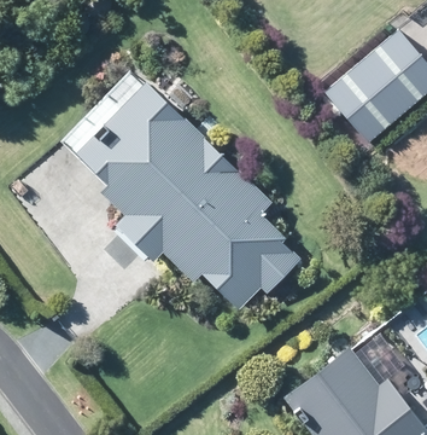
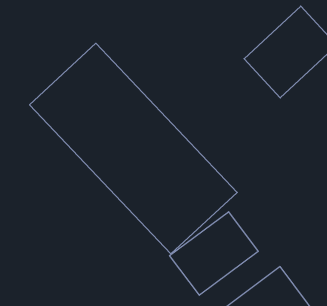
building: none -> [170,212,258,295]

